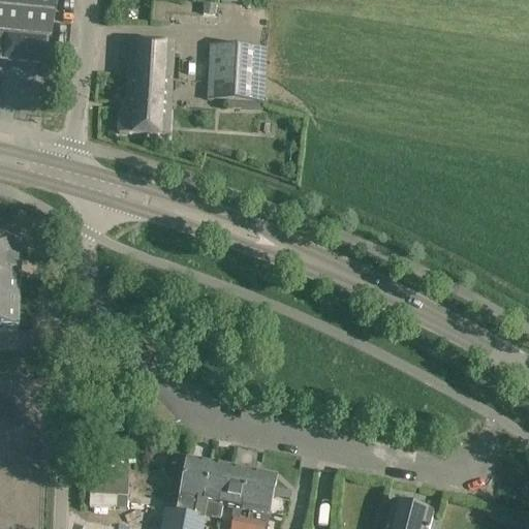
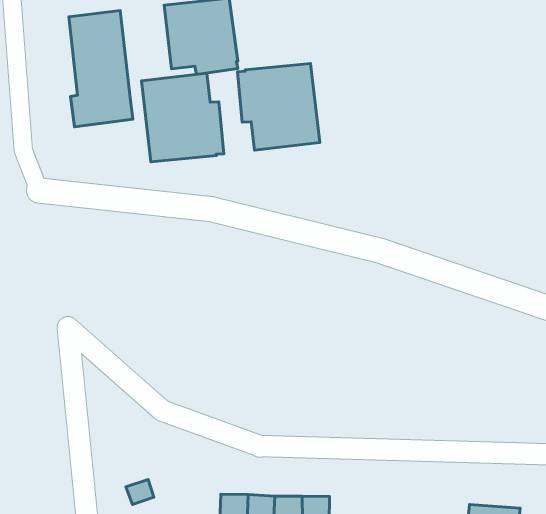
building: none -> [141,73,224,162]
building: none -> [238,64,320,150]

